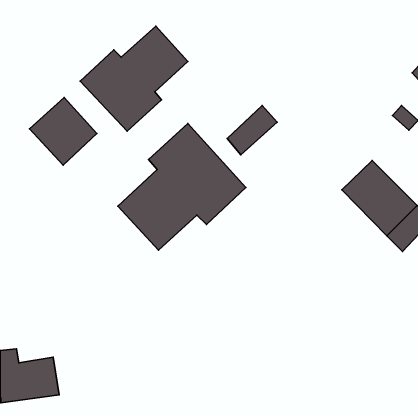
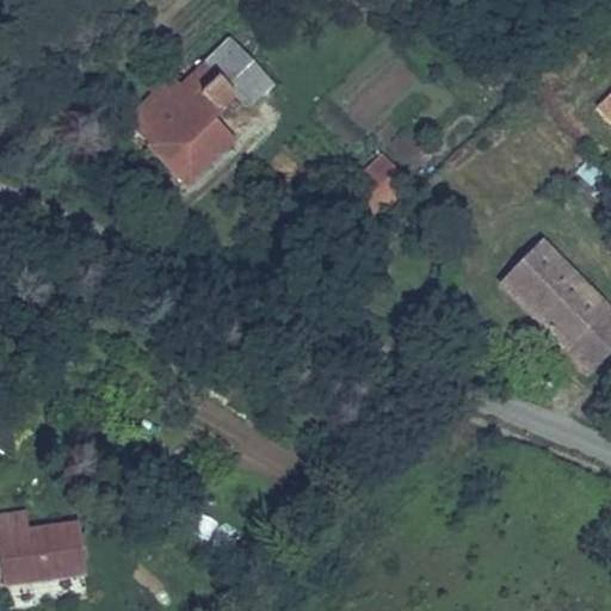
building: [30,97,97,165] -> none
building: [118,124,246,250] -> none

